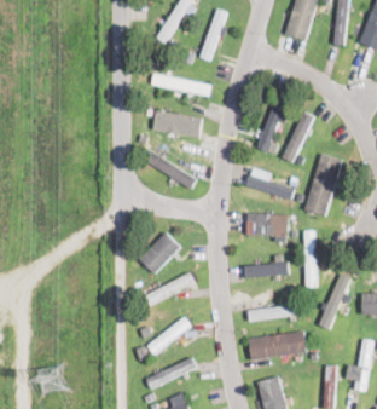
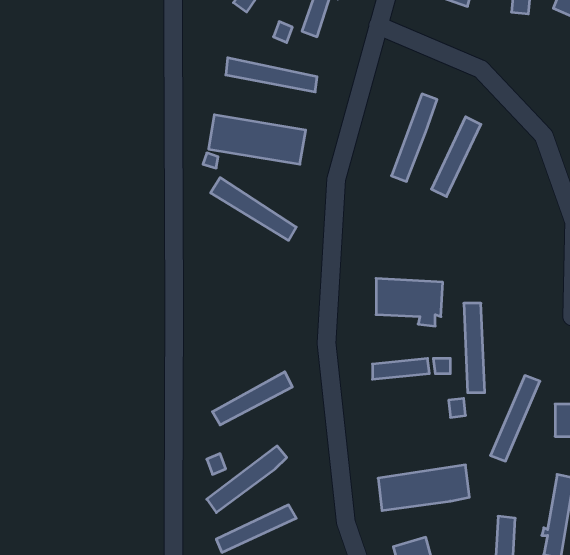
building: [303,152,341,215] -> none
building: [245,167,294,198] -> none
building: [138,231,180,273] -> none
building: [246,300,304,323] -> none

